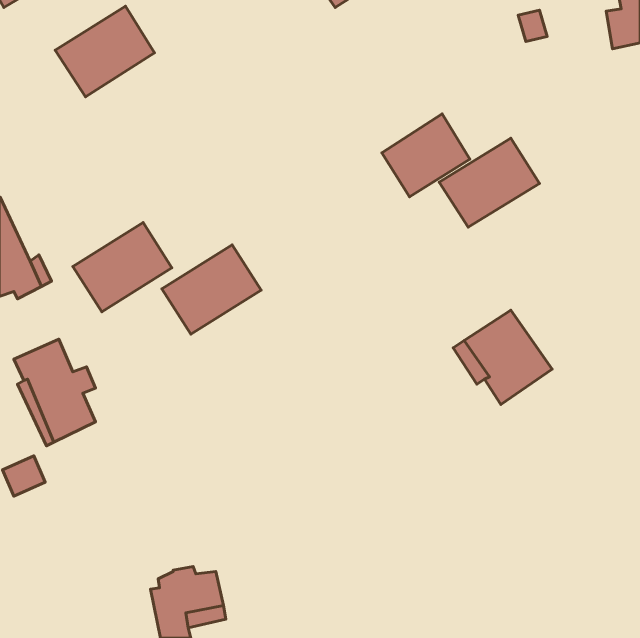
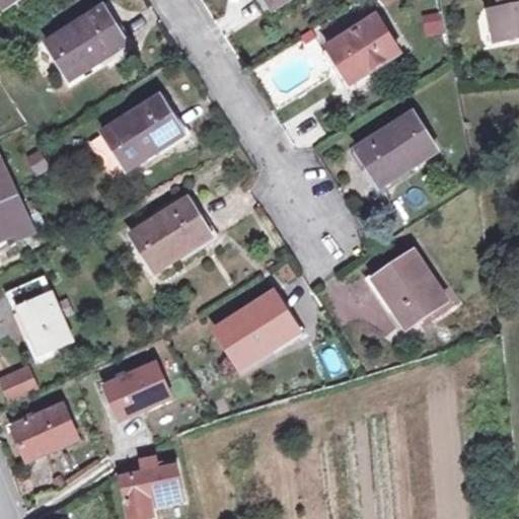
building: [382,114,470,197] -> [326,14,397,81]
building: [73,223,172,312] -> [102,95,182,167]
building: none -> [216,292,296,365]
building: none -> [102,362,170,418]
building: none -> [13,404,77,459]

